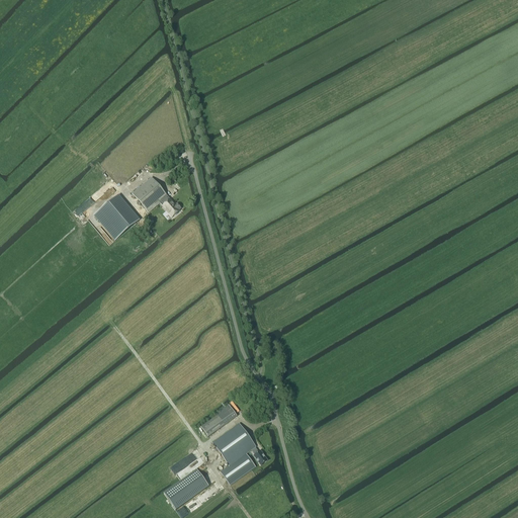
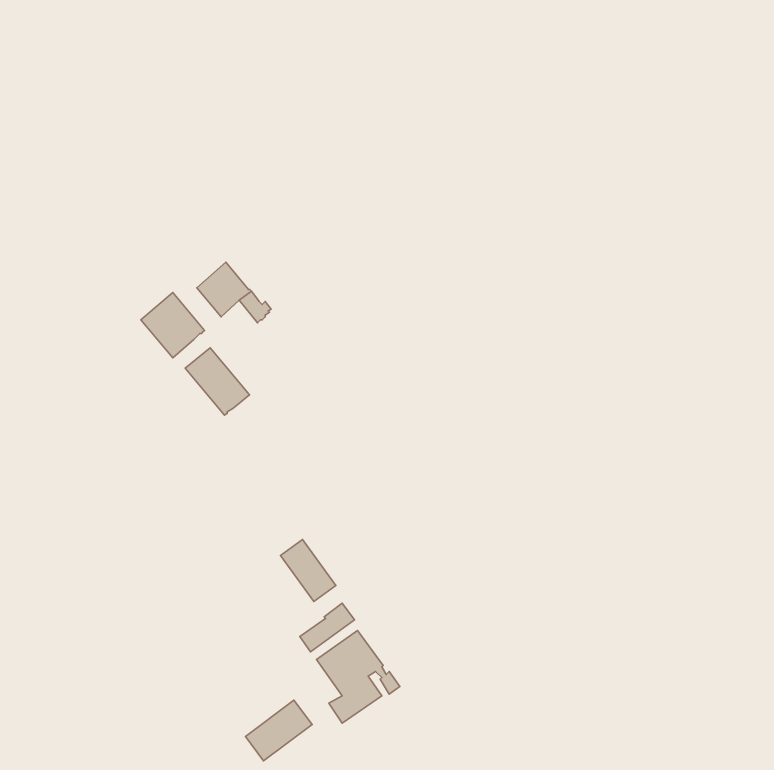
building: none -> [185,348,249,415]
building: none -> [280,539,336,601]

